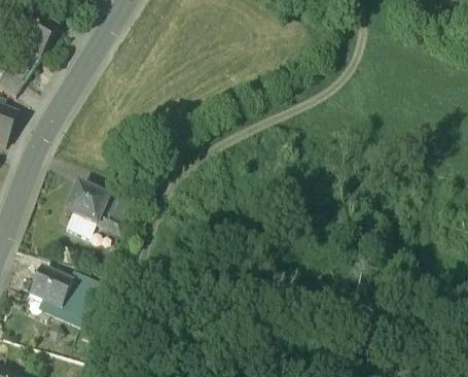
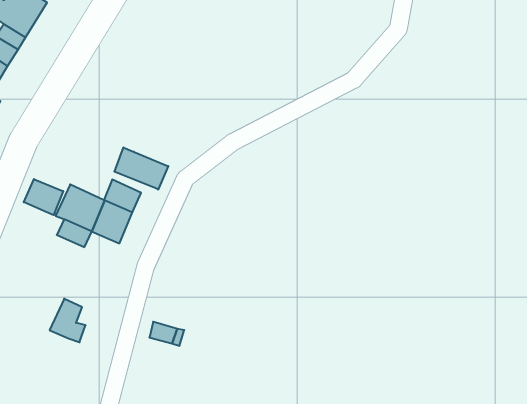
building: none -> [114,147,168,190]
building: none -> [24,179,63,215]
building: [27,268,71,308] -> none

